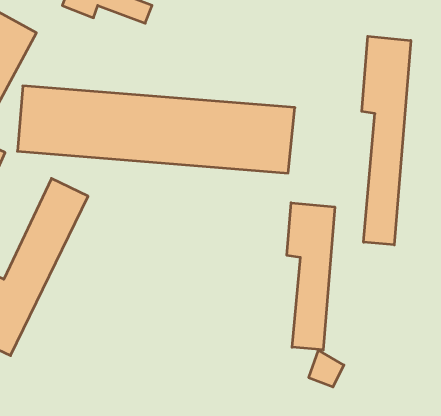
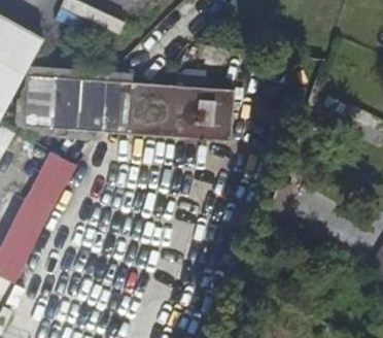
building: [362,36,411,245] -> none
building: [287,203,335,350] -> none

